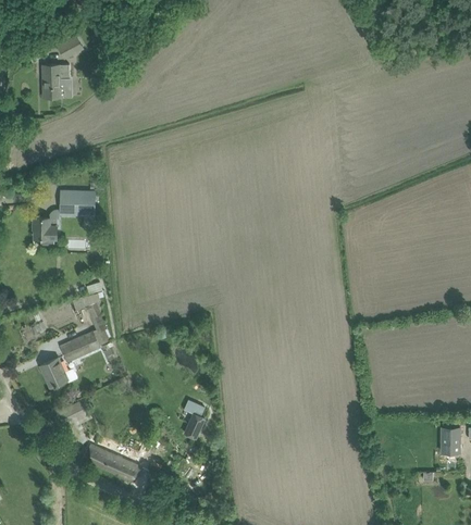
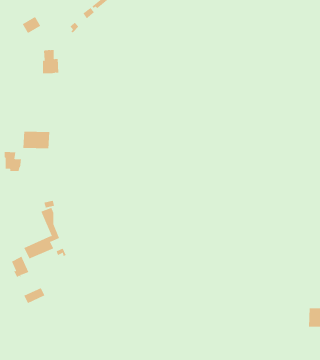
building: [42,64,65,97] -> [42,50,59,74]
building: [183,399,206,438] -> none
building: [83,443,139,482] -> none

